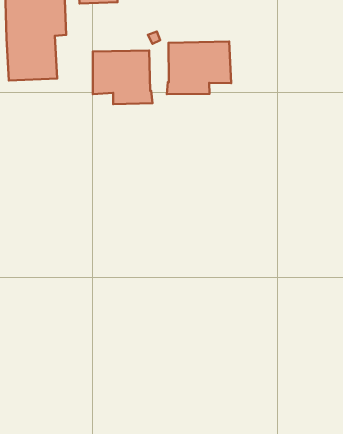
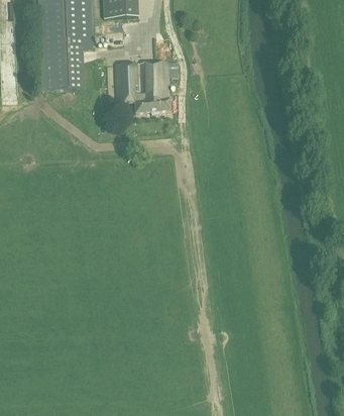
building: [167,42,231,94] -> none

